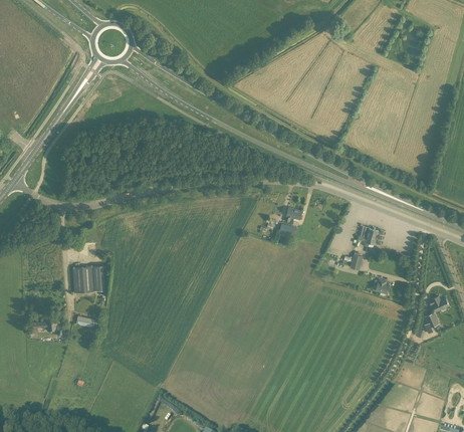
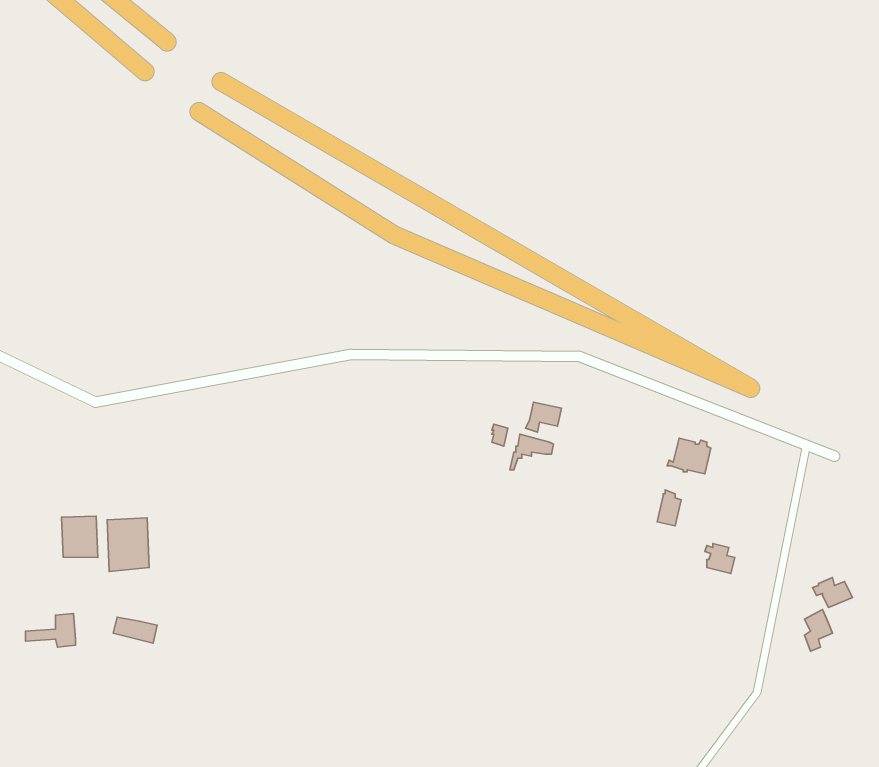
building: none -> [61,516,98,558]

